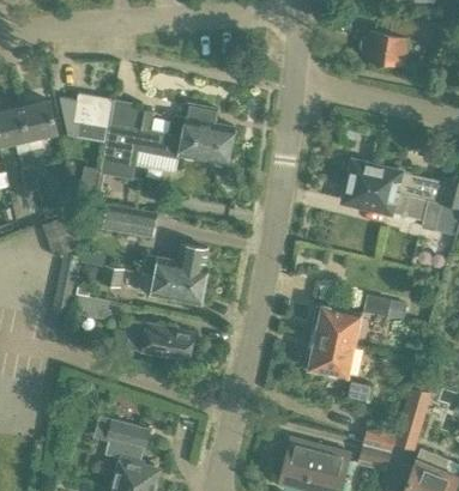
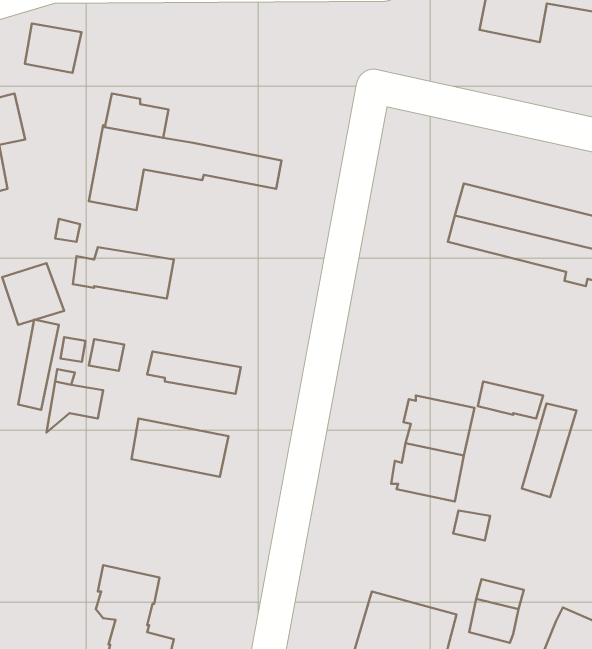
building: [73,93,111,127] -> [25,23,81,73]
building: [170,104,234,146] -> none
building: [143,246,206,286] -> none
building: [394,389,431,453] -> [522,404,577,497]

